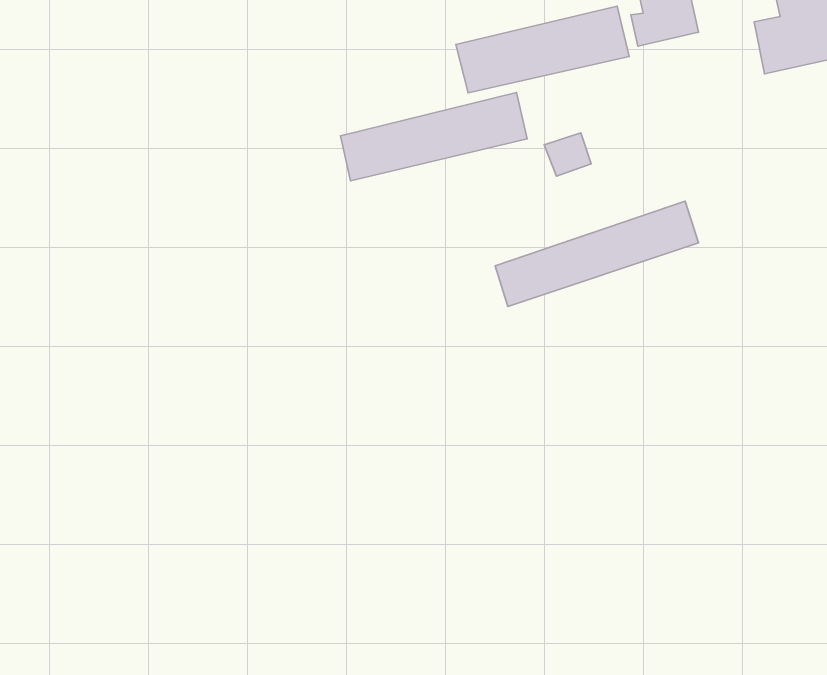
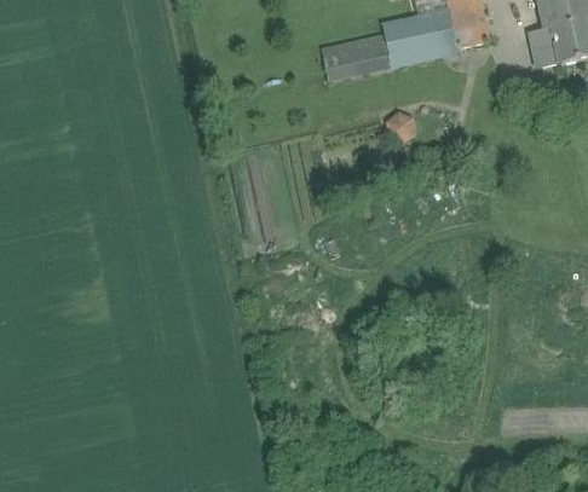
building: [341,93,527,181] -> none
building: [495,201,699,306] -> none

